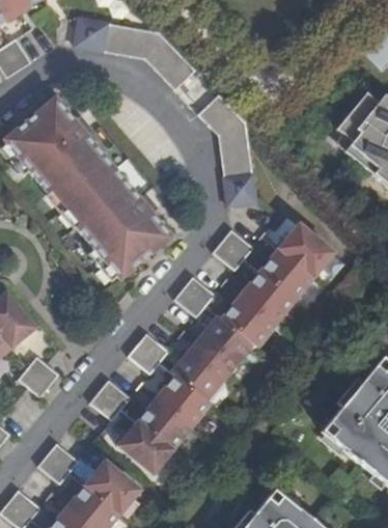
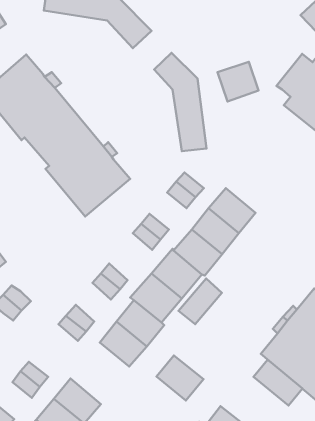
building: none -> [218,62,258,102]
building: [280,224,331,274] -> none
building: none -> [179,279,222,324]
building: [118,420,171,471] -> [156,355,203,400]
building: none -> [254,360,302,406]

